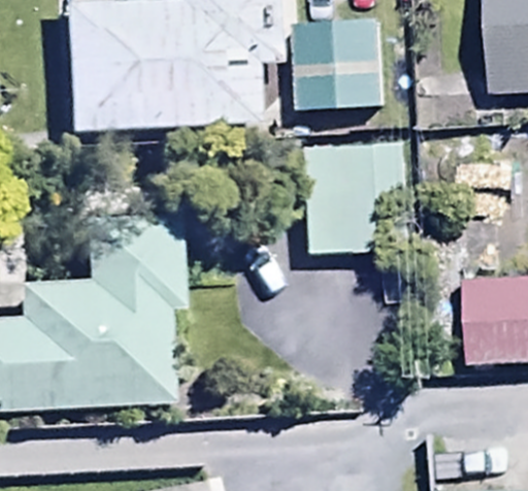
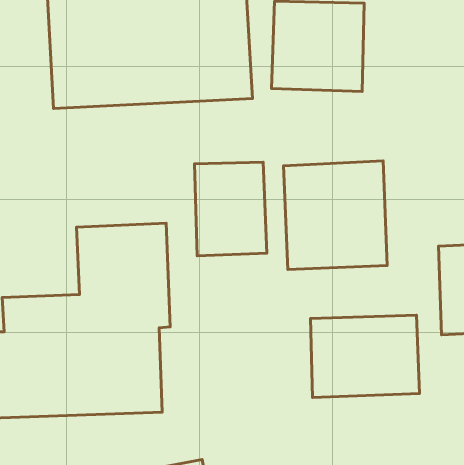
building: none -> [194,162,267,256]
building: none -> [310,315,420,398]

